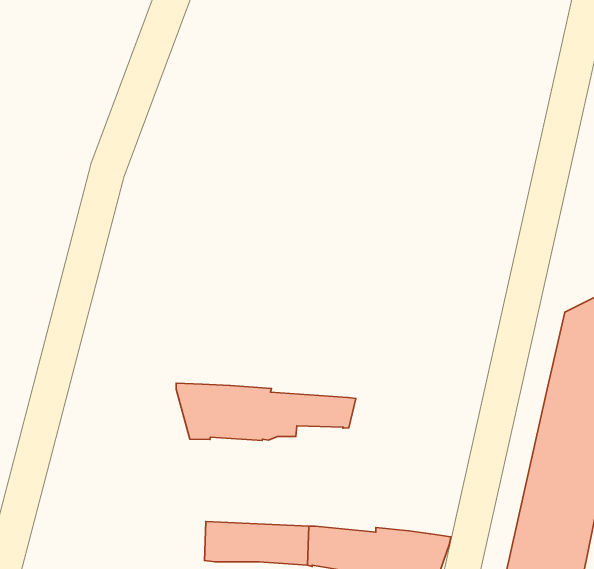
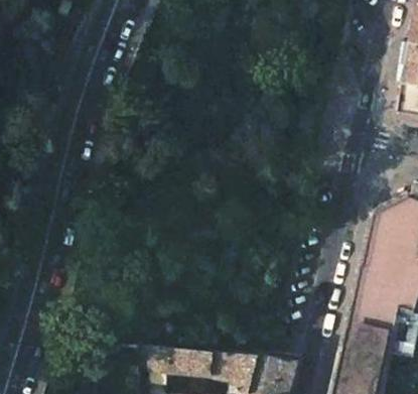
building: [176,383,356,440] -> none

